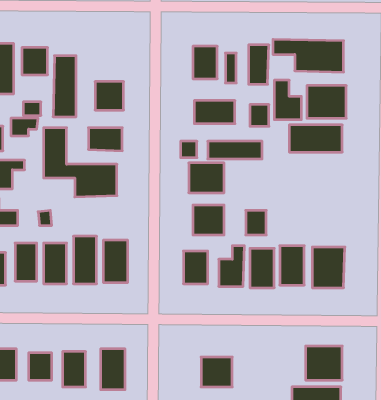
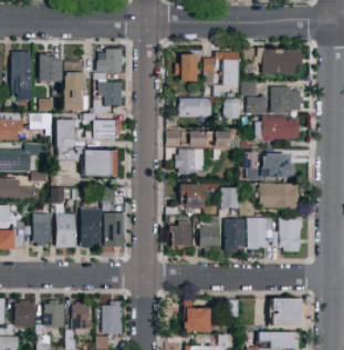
building: none -> [97,49,123,72]
building: none -> [244,153,293,178]
building: none -> [259,183,299,207]

